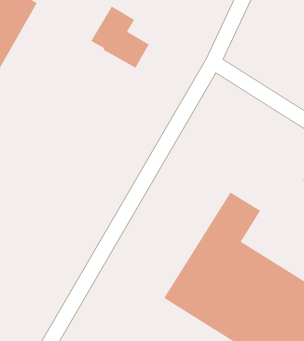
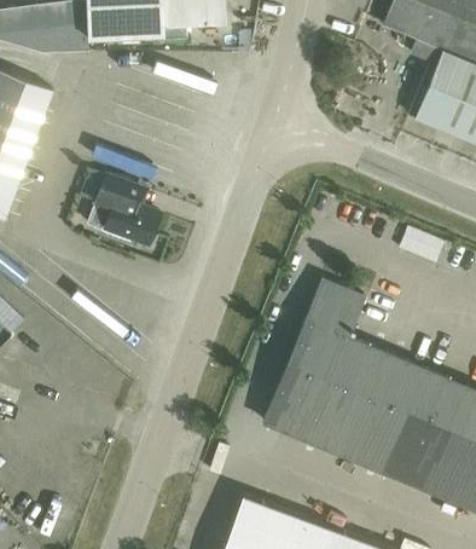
building: [90,6,150,69] -> [86,174,158,245]

